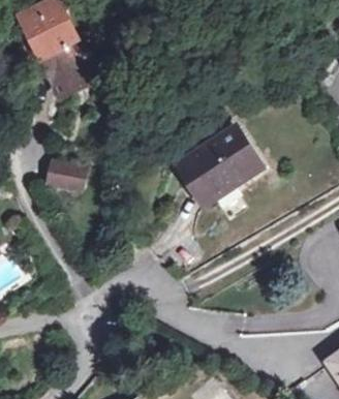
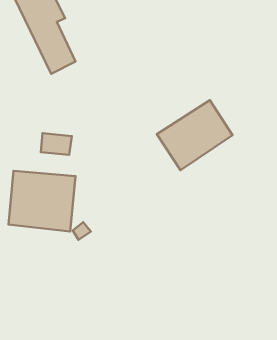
building: none -> [8,171,76,231]

